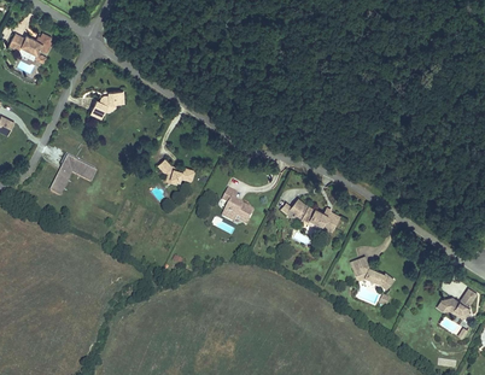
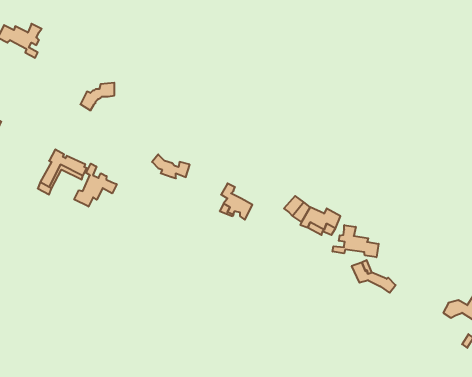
building: none -> [74,164,117,207]
building: none -> [333,225,379,257]

